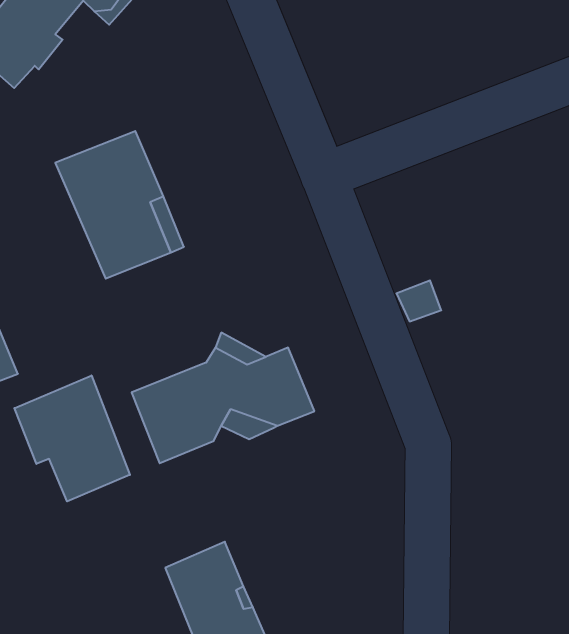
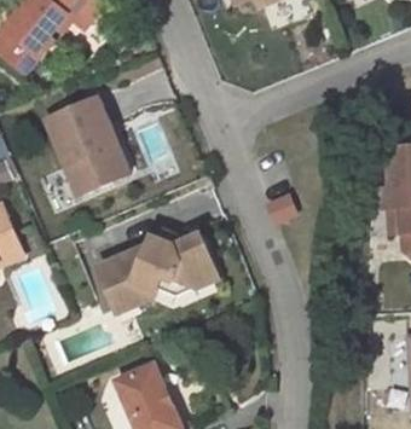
building: [14,375,130,501] -> none

